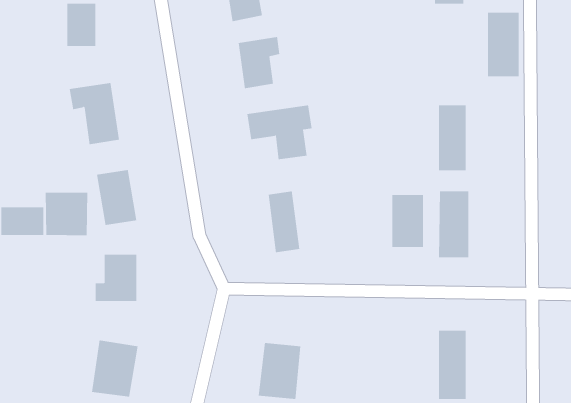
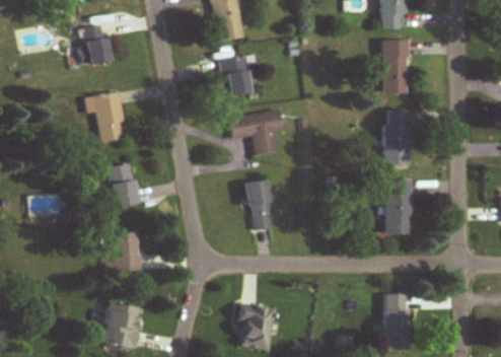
building: [487,12,519,77] -> [382,41,409,93]
building: [45,192,88,236] -> none
building: [392,194,424,248] -> none

